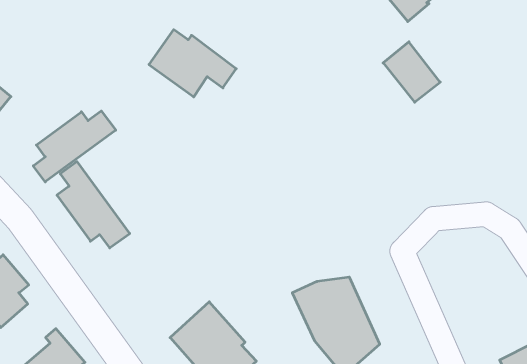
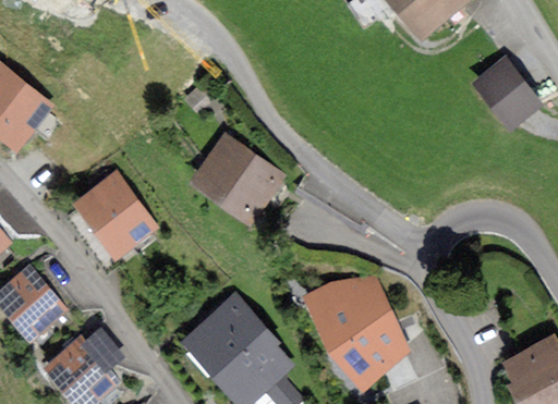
building: [149,30,236,97] -> [198,145,283,210]
building: [383,42,440,102] -> [474,62,530,121]
building: [33,111,116,182] -> none

